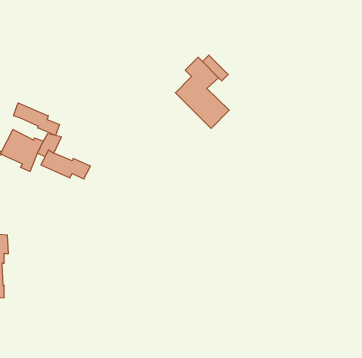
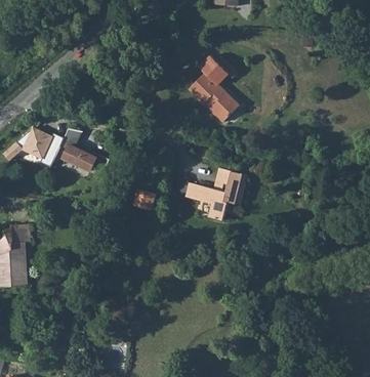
building: [14,103,59,136] -> none
building: none -> [189,170,245,220]

